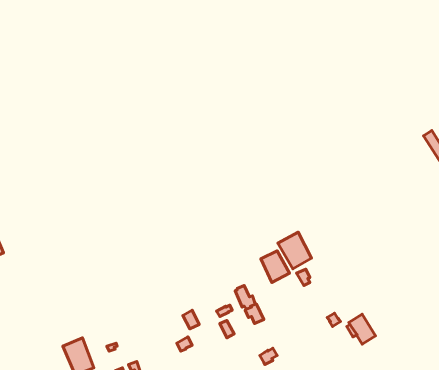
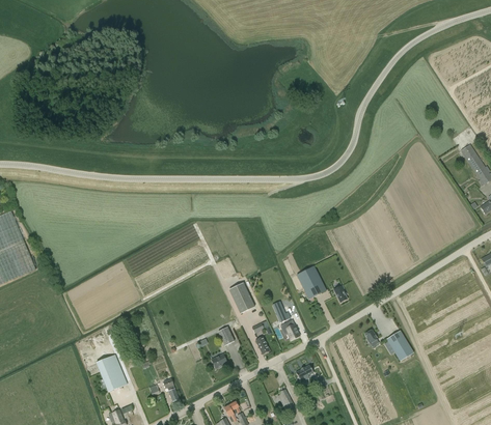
building: [278,232,311,269] -> none
building: none -> [228,283,254,313]

